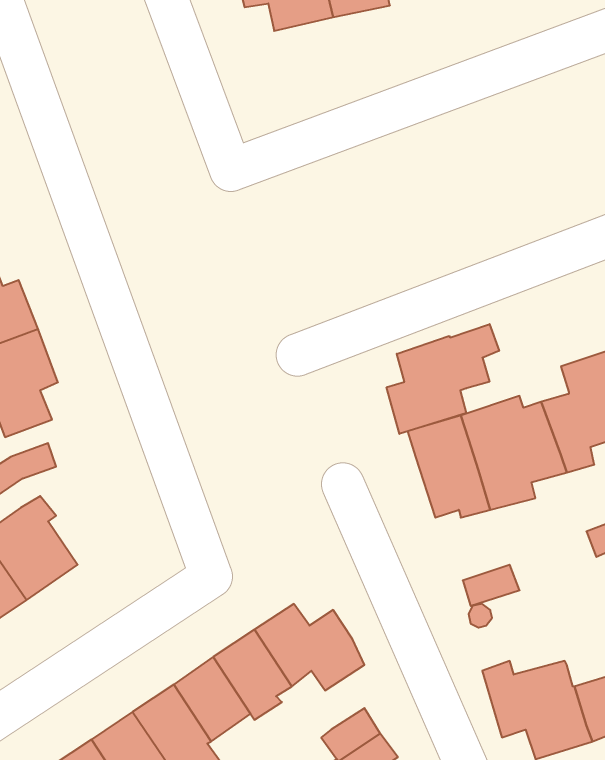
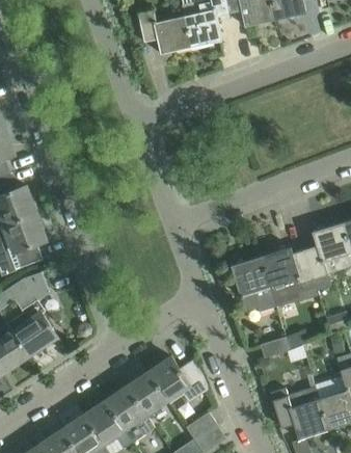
building: [387,324,499,434] -> none

